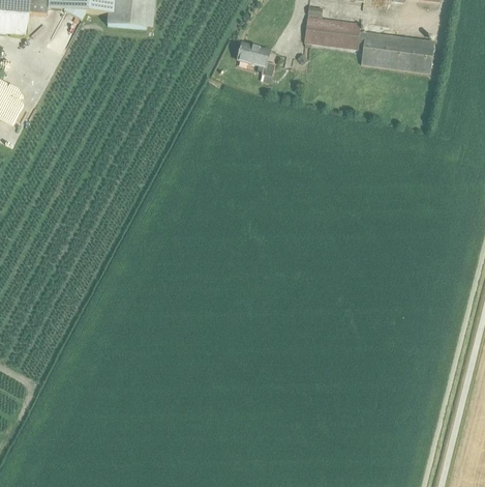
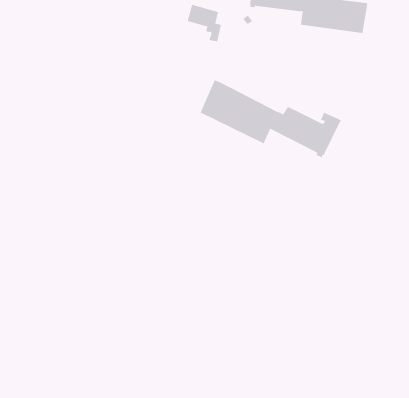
building: none -> [200,79,341,158]

